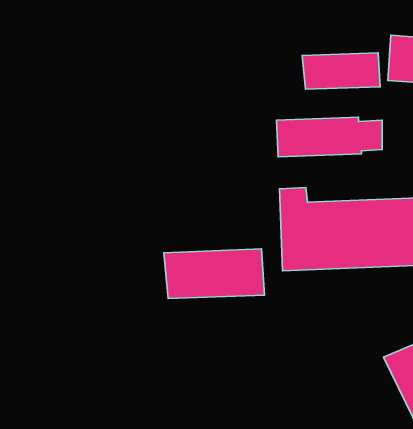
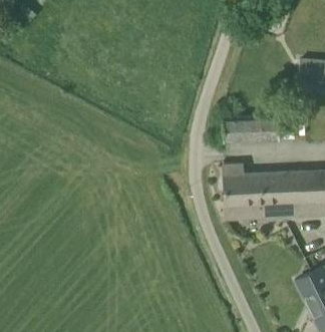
building: [302,53,380,89] -> none
building: [164,249,264,298] -> none

